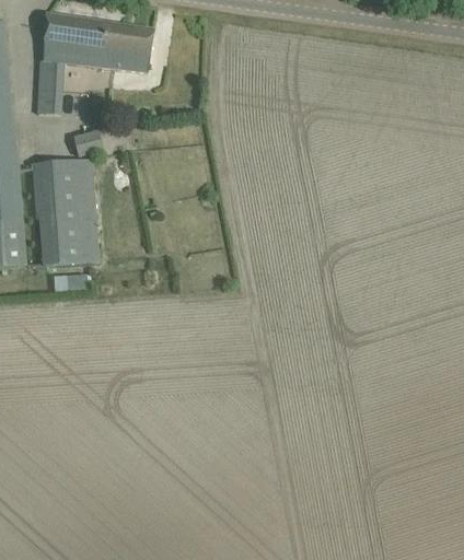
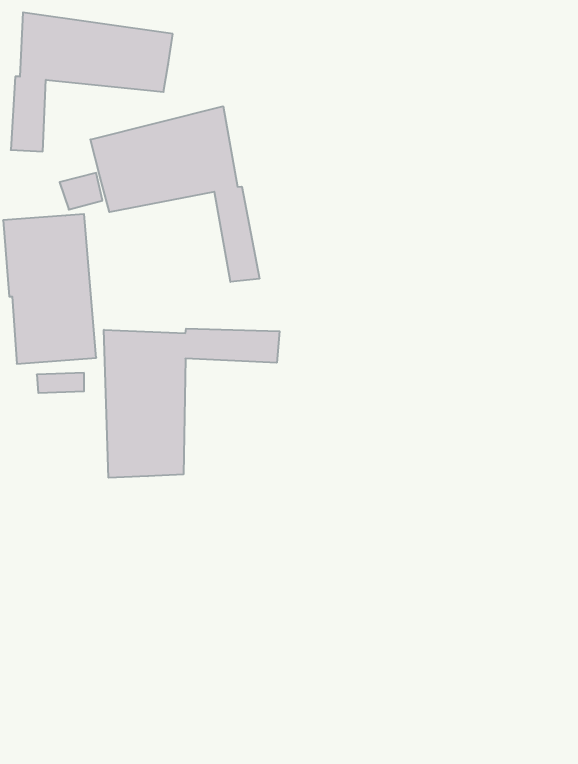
building: none -> [90,106,259,282]
building: none -> [104,329,280,478]

